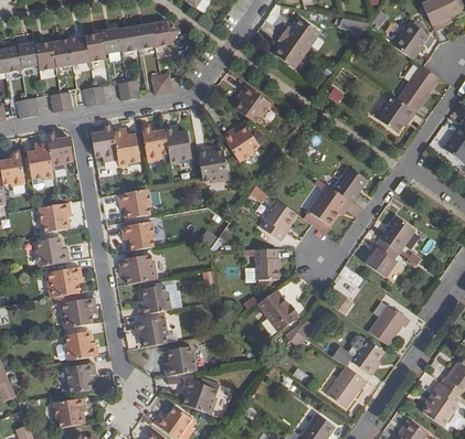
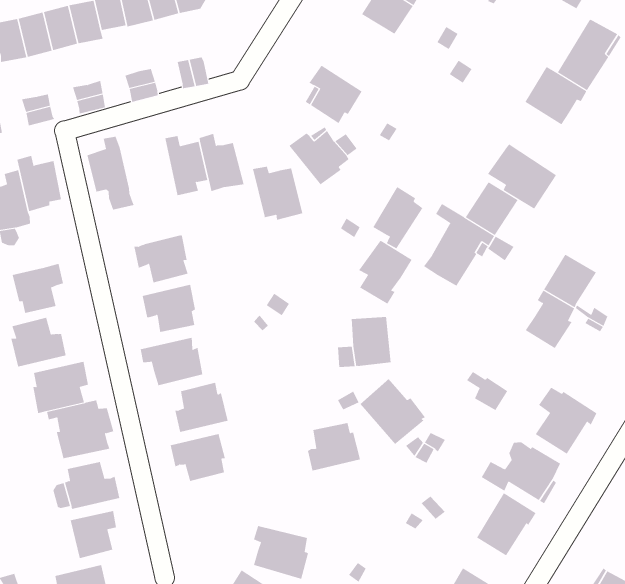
building: [113,127,140,163] -> none
building: none -> [487,143,557,210]
building: none -> [372,186,423,249]
building: [162,345,197,375] -> [307,422,361,471]

